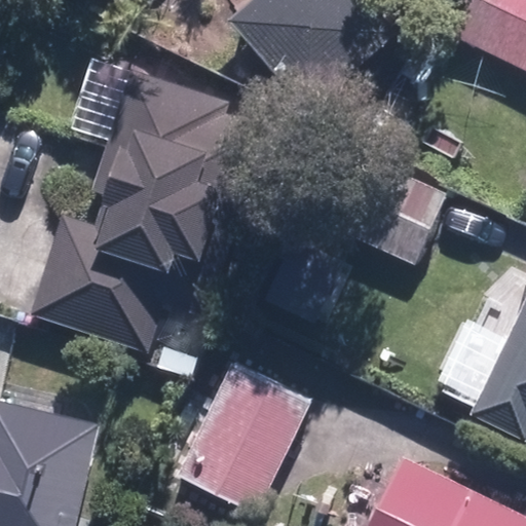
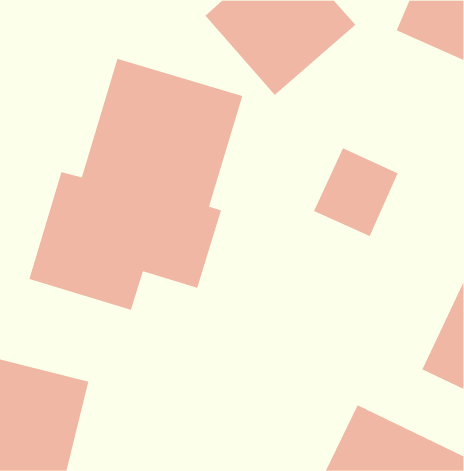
building: [178,365,307,511] -> none

